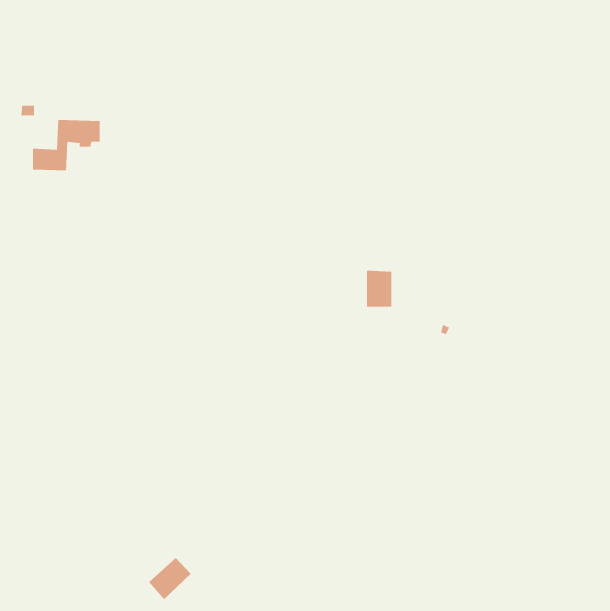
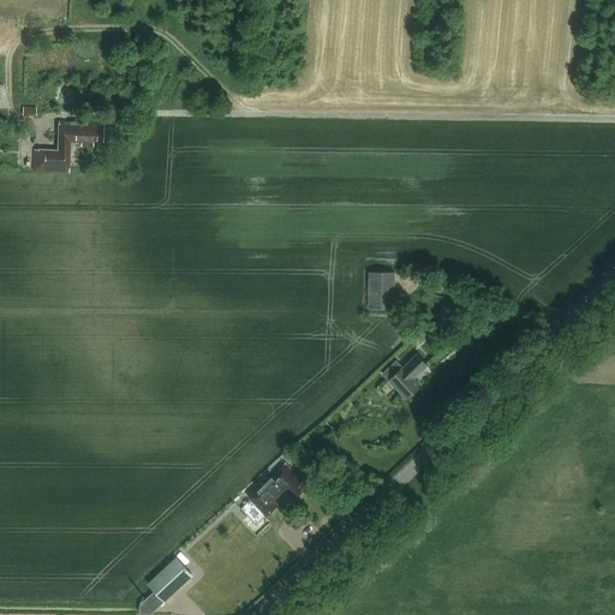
building: none -> [382,353,426,399]
building: none -> [239,465,305,525]

